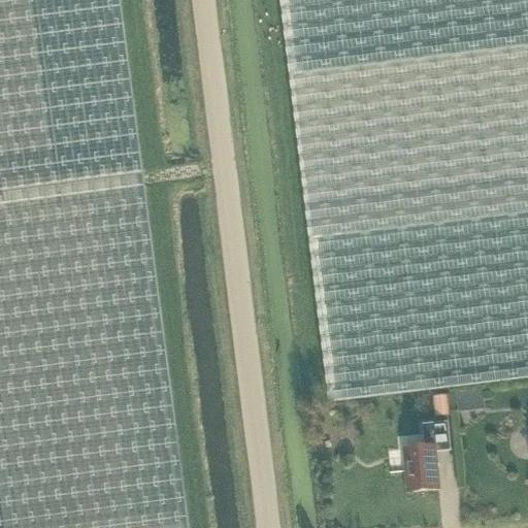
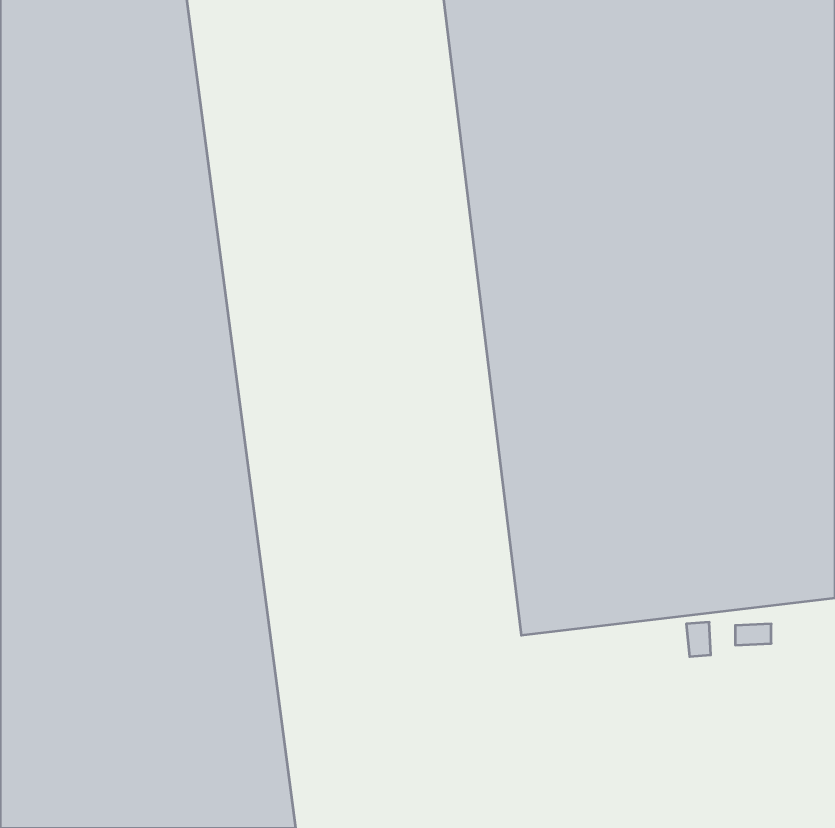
building: [404,420,451,490] -> none

